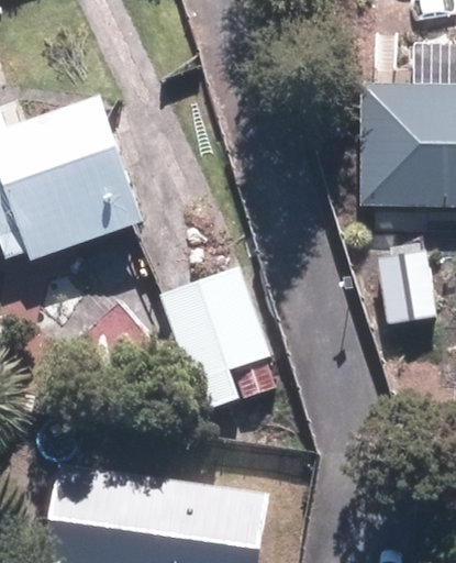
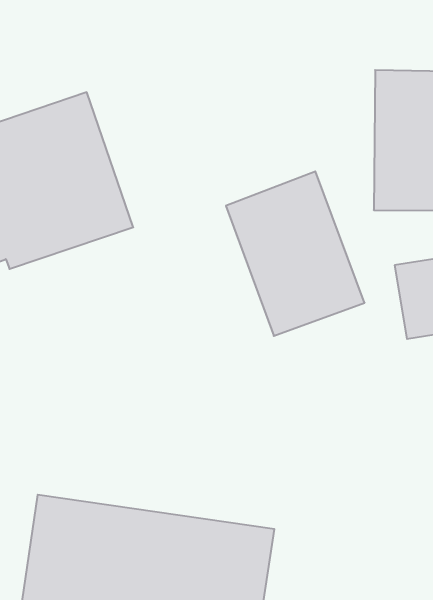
building: [158,264,282,411] -> [226,171,365,336]

